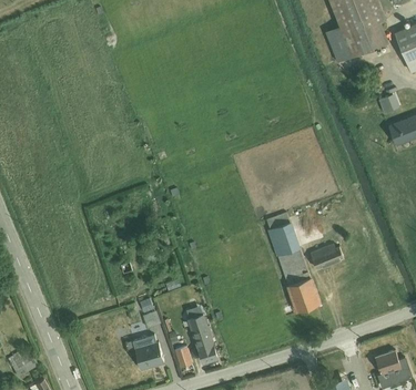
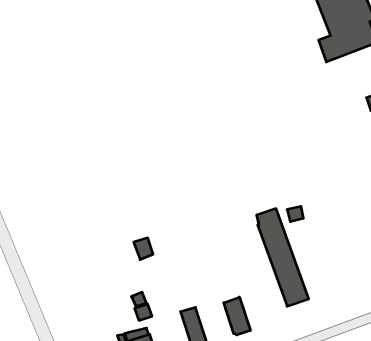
building: [310,245,344,270] -> none
building: none -> [224,297,250,335]

